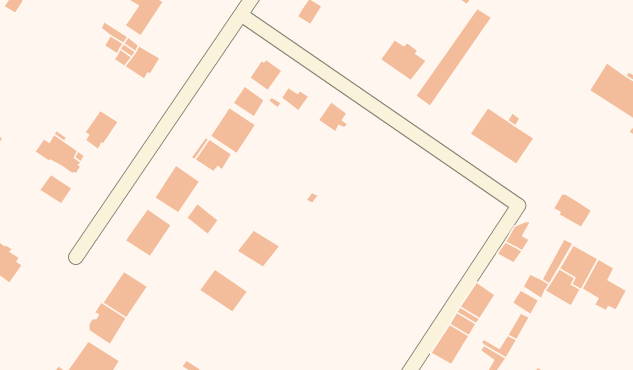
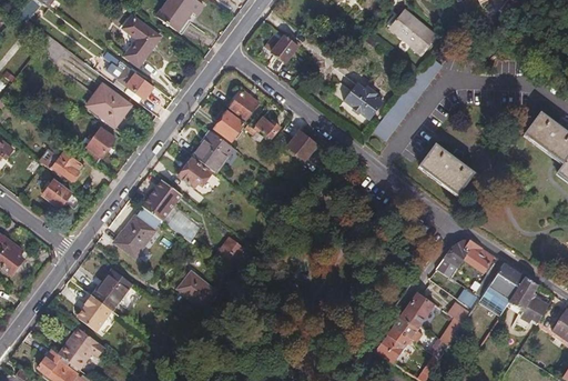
building: none -> [87,83,129,124]
building: [553,194,592,228] -> [459,243,493,273]

